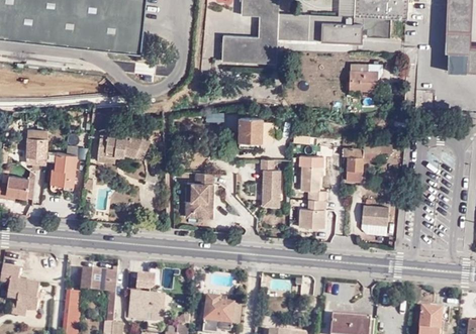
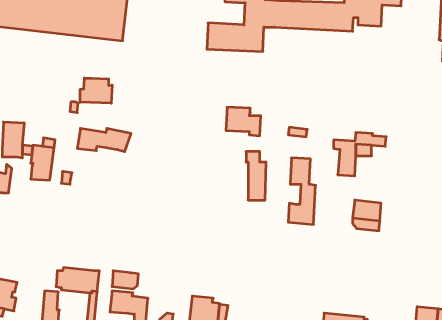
building: [348,64,382,92] -> none
building: none -> [80,78,112,103]
building: [185,172,212,211] -> none

